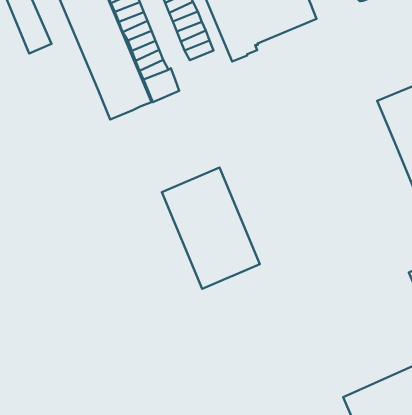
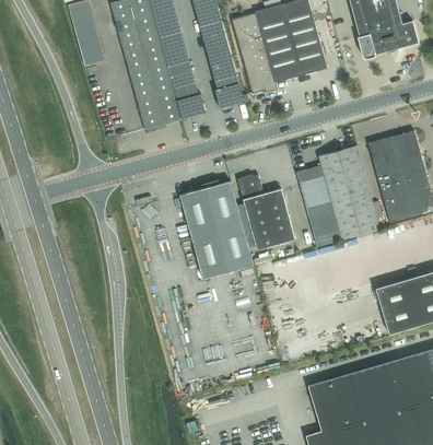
building: none -> [215,83,244,108]
building: none -> [296,145,381,246]
building: none -> [237,174,295,250]

